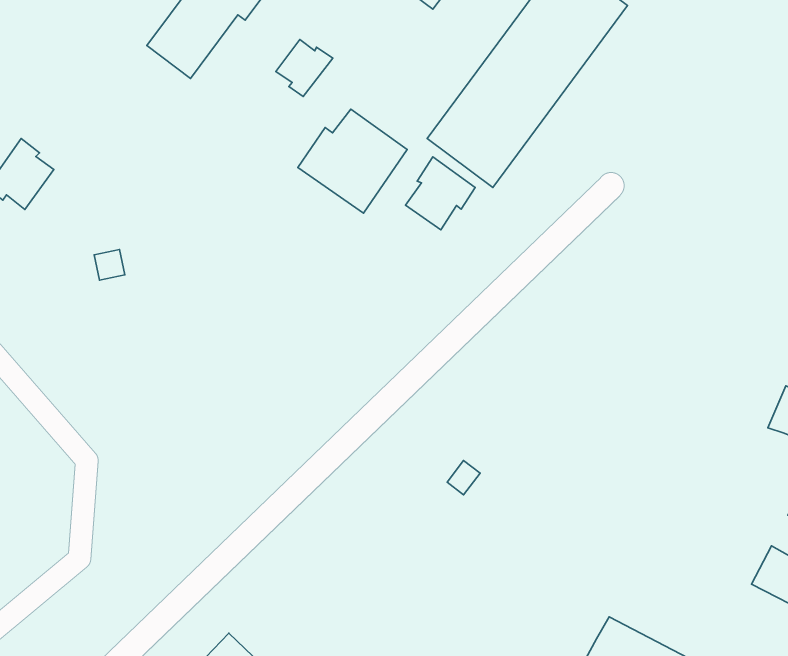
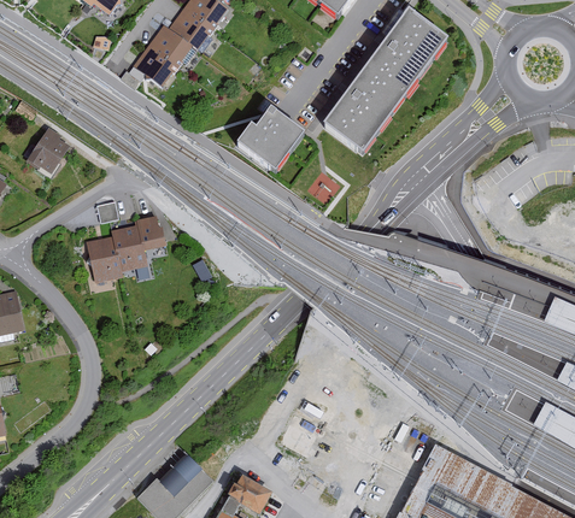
building: [276,39,333,97] -> none
building: [405,157,475,230] -> none
building: none -> [87,217,164,281]

